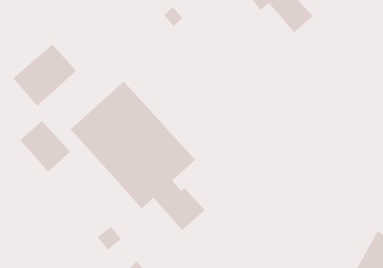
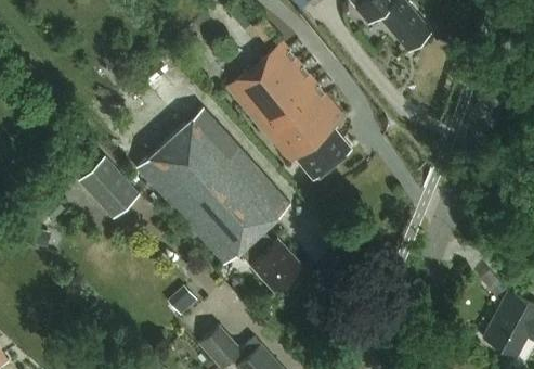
building: none -> [229,43,351,178]
building: [12,44,77,107] -> none

